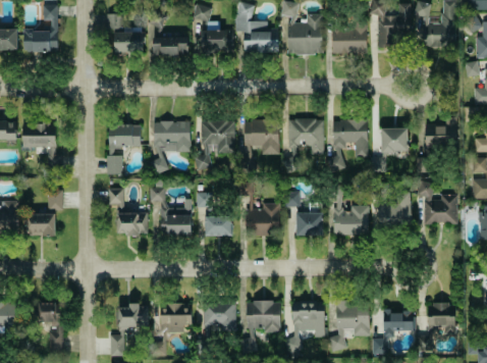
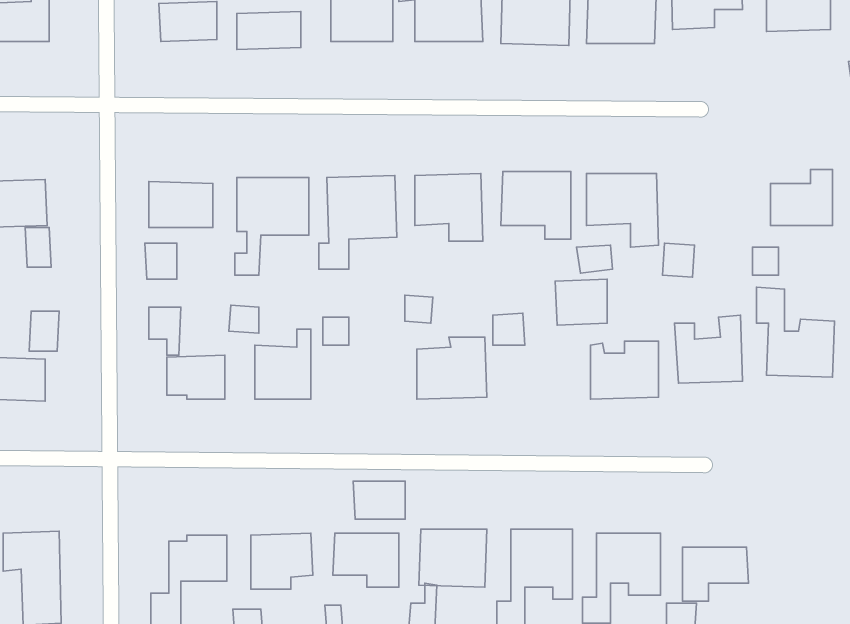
building: [380,128,408,153] -> none
building: [295,213,322,237] -> [555,279,607,325]
building: [205,217,231,237] -> [353,481,405,519]
building: [427,304,455,340] -> none

